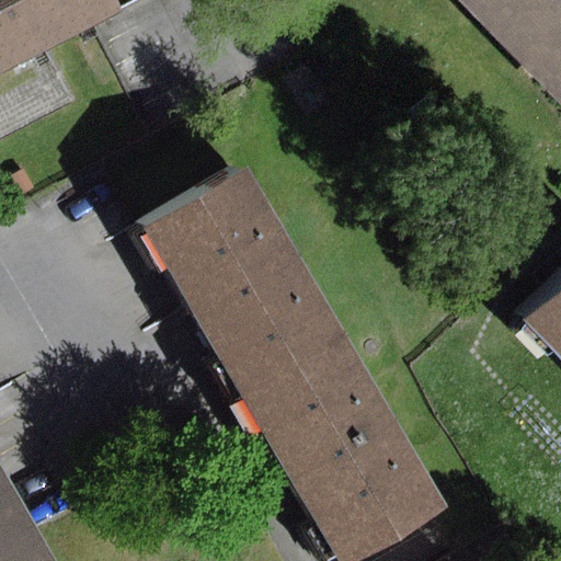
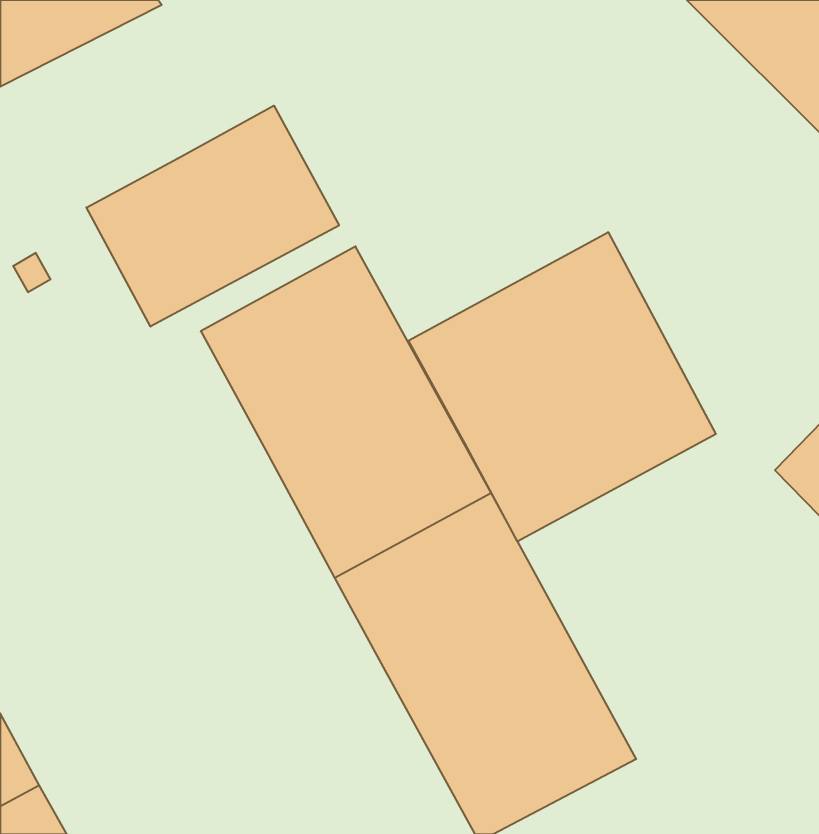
building: none -> [86,106,339,327]
building: none -> [409,232,716,541]

